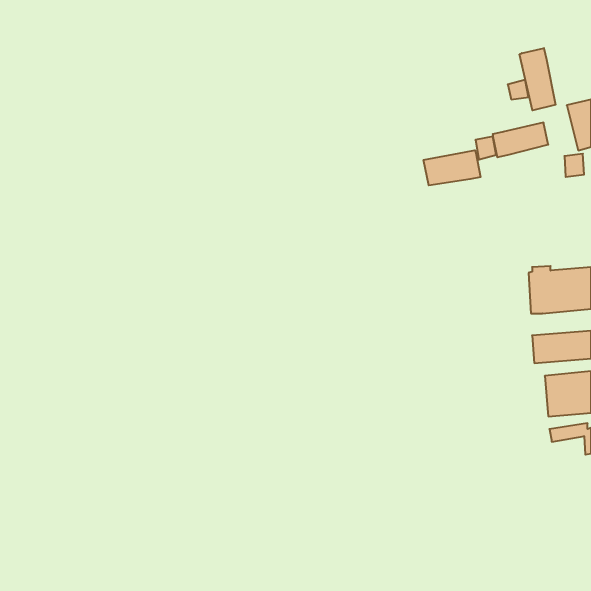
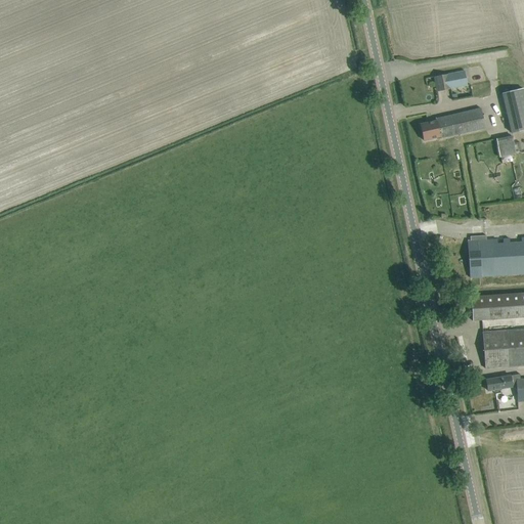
building: [520,48,556,110] -> none
building: [424,150,481,185] -> none

